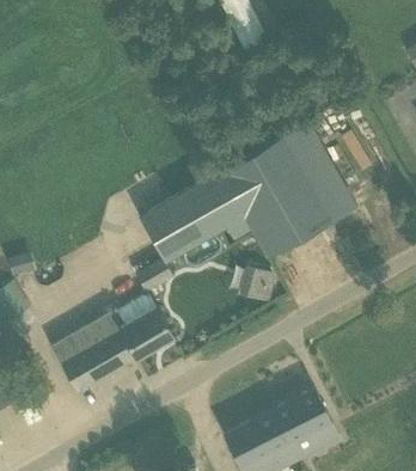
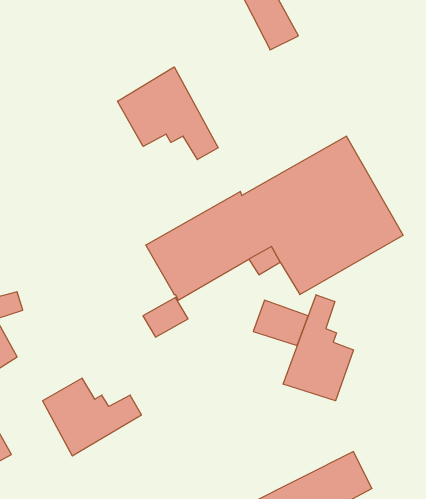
building: none -> [118,67,218,160]
building: none -> [283,295,353,401]
building: [85,295,173,360] -> none

